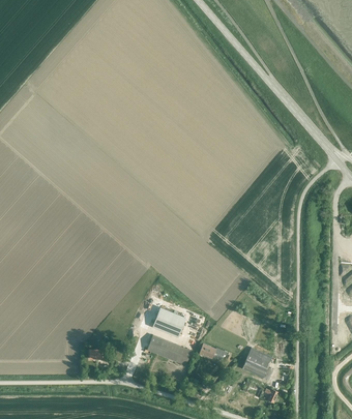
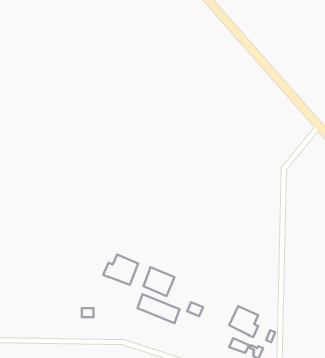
building: none -> [103,254,138,285]

